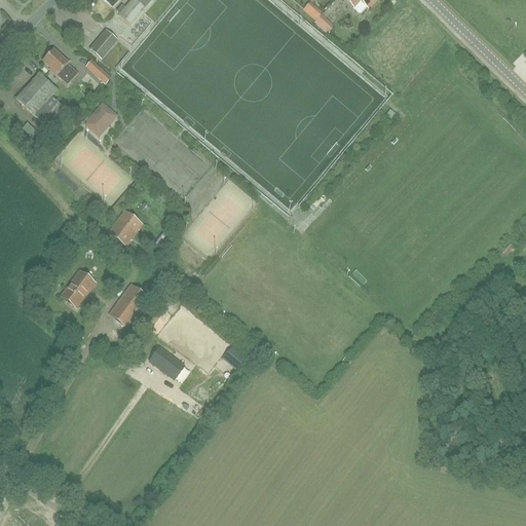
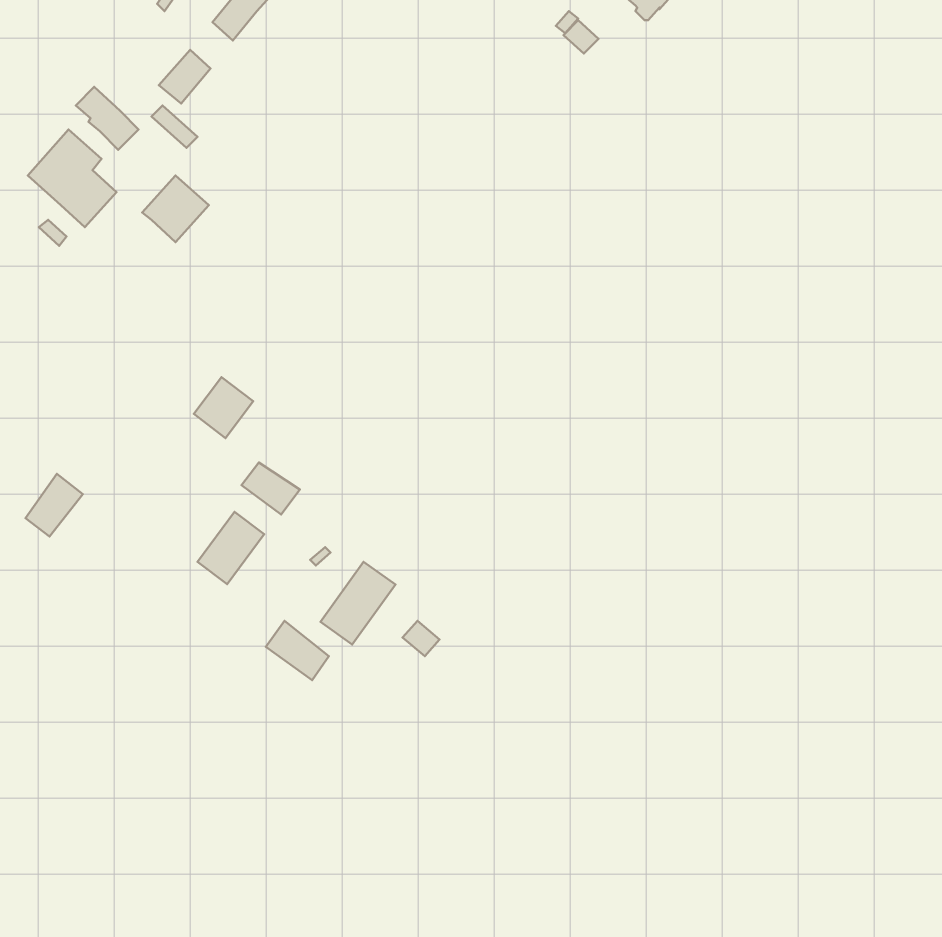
building: none -> [241,462,300,515]
building: [62,270,93,305] -> [26,474,83,537]
building: none -> [321,562,395,644]

